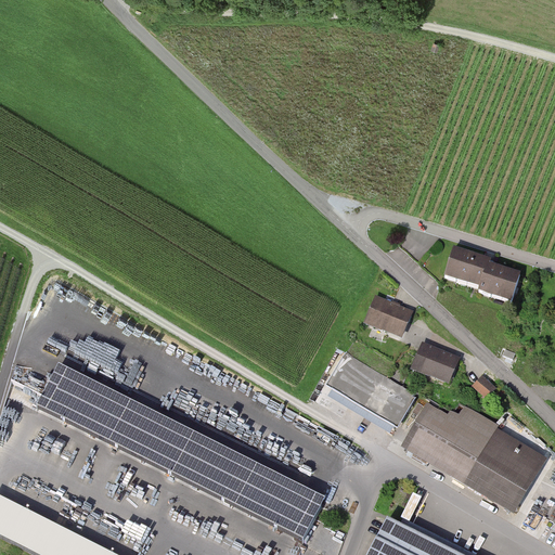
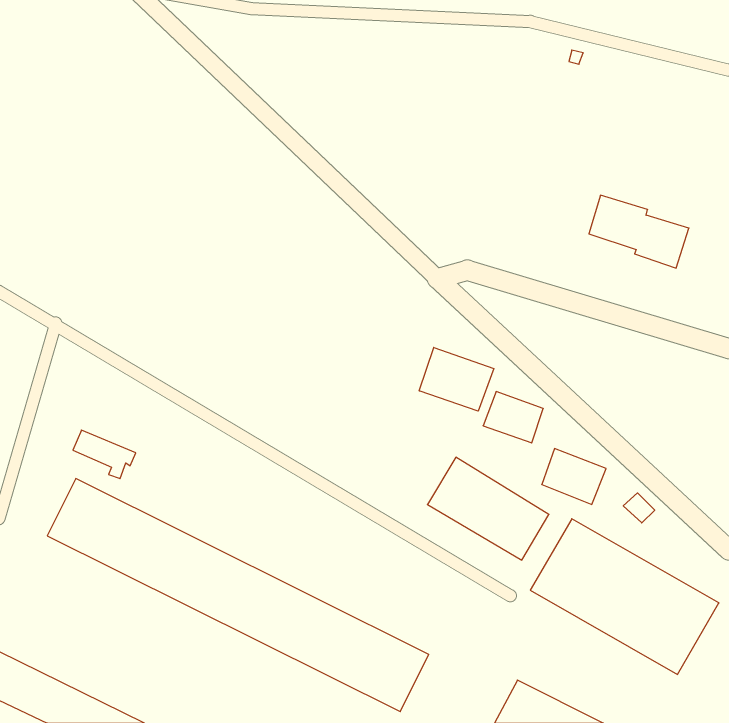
building: [443,243,519,298] -> [589,195,689,268]
building: none -> [419,347,494,411]

